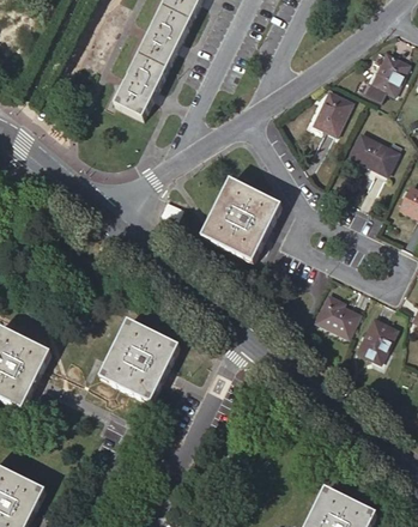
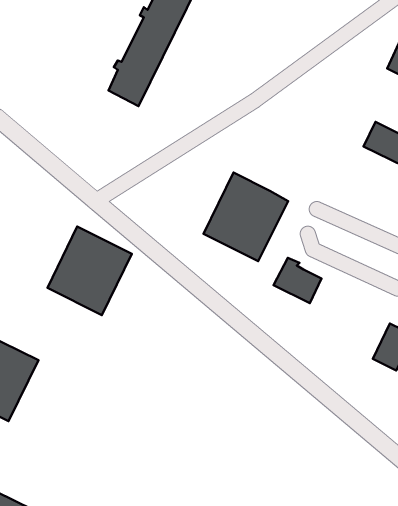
building: [311,91,351,135] -> none
building: [314,295,358,337] -> [273,258,322,303]
building: [99,321,177,402] -> [47,227,132,315]

